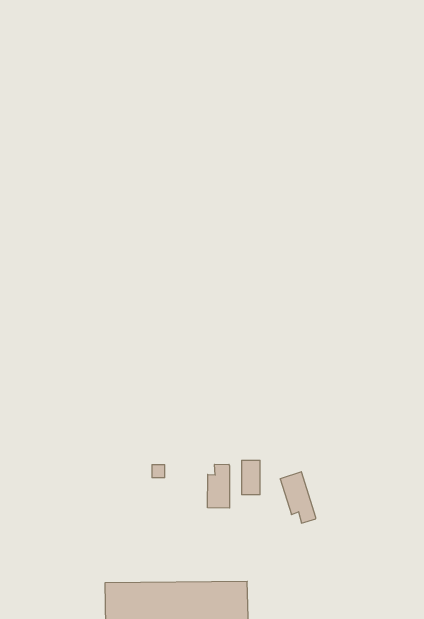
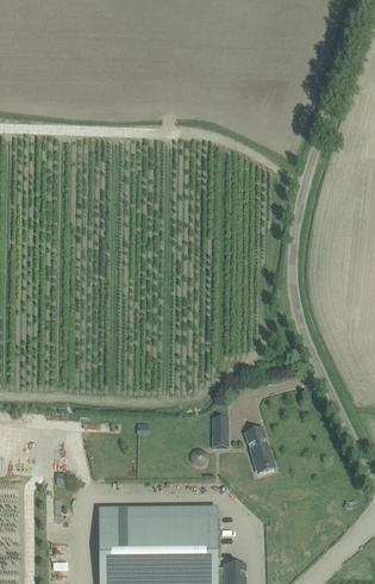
building: [208,464,229,508] -> none

